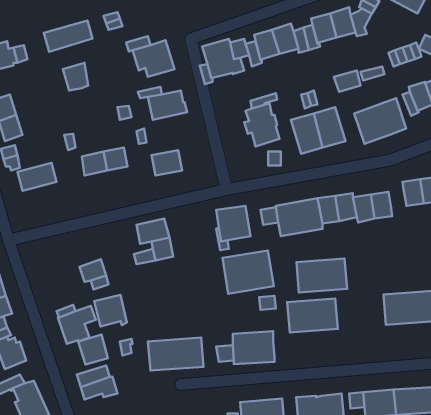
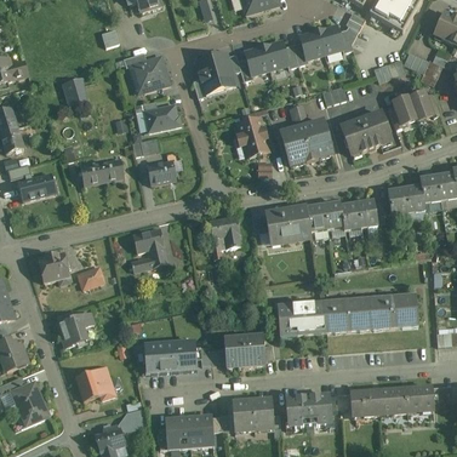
building: [44,21,92,52] -> none
building: [223,250,274,294] -> none
building: [296,258,347,293] -> [322,299,371,332]
building: [94,295,127,326] -> [38,252,69,282]
building: [78,334,108,365] -> none

